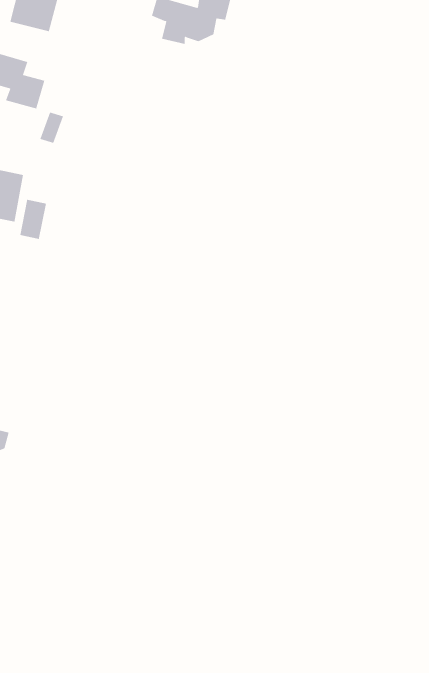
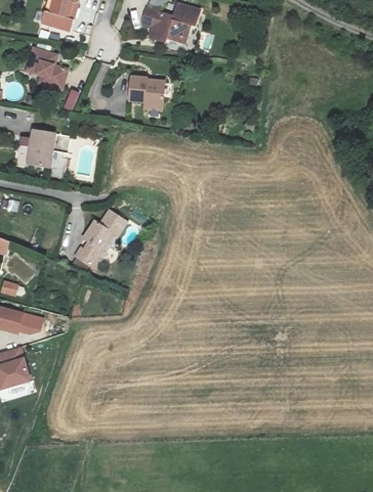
building: none -> [130,76,165,108]
building: none -> [74,211,127,269]

